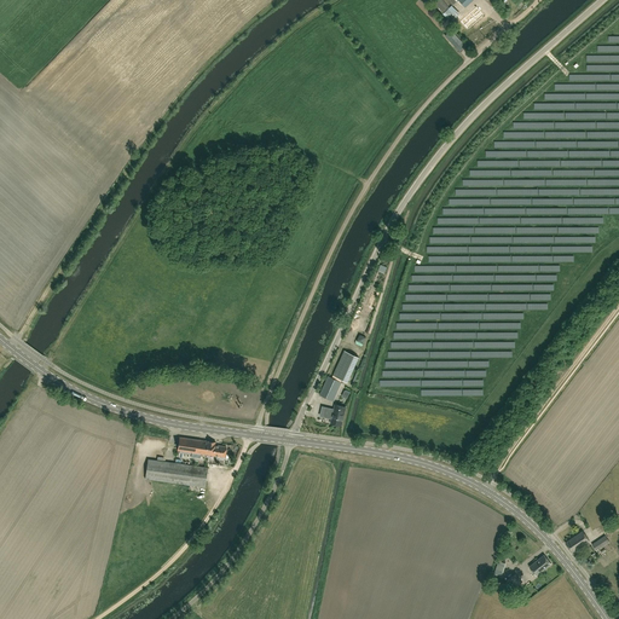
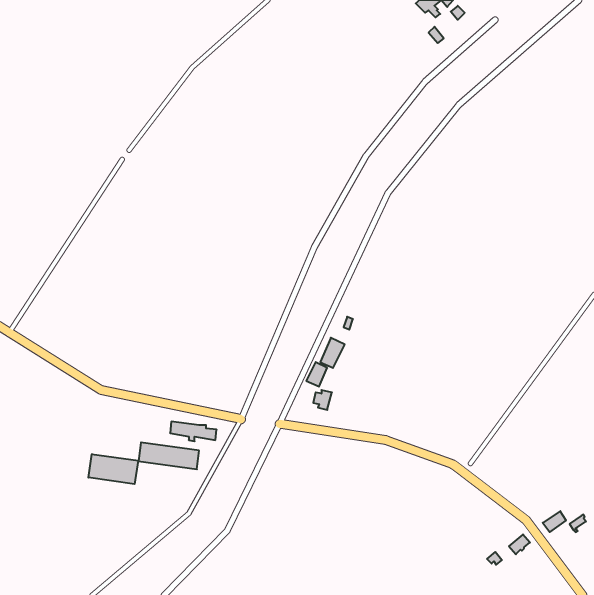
building: none -> [88,454,138,484]

